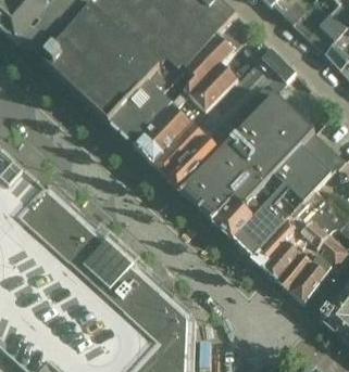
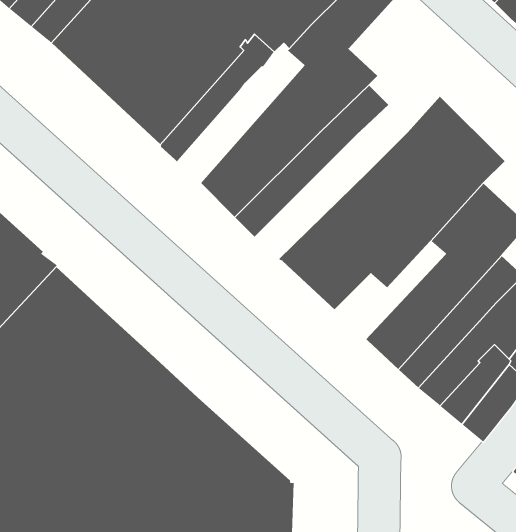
building: [170,47,299,191] -> none
building: [123,62,198,145] -> none
building: [216,180,283,239] -> none

